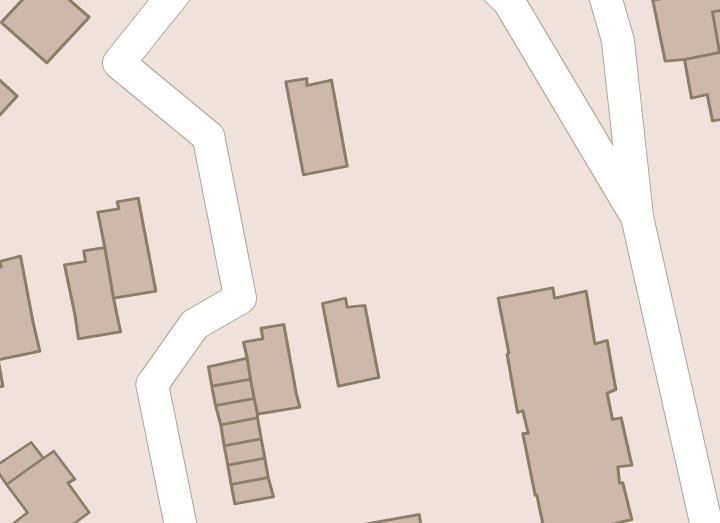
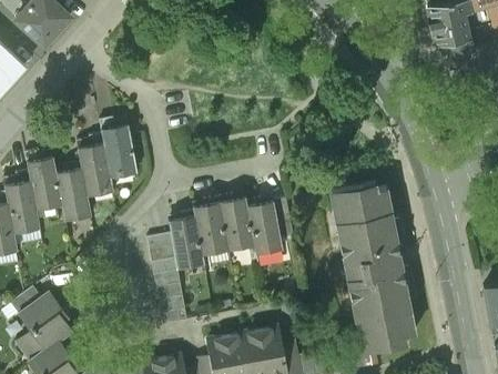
building: [286,78,347,175] -> [100,118,139,179]
building: none -> [24,149,62,210]
building: none -> [193,199,228,255]
building: none -> [246,200,281,254]

